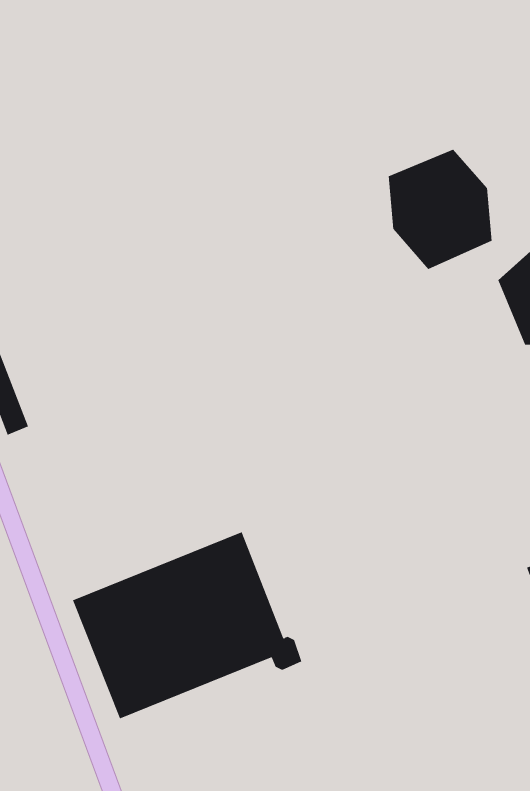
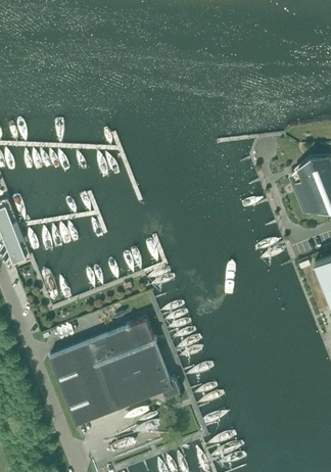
building: [388,149,492,270] -> none

